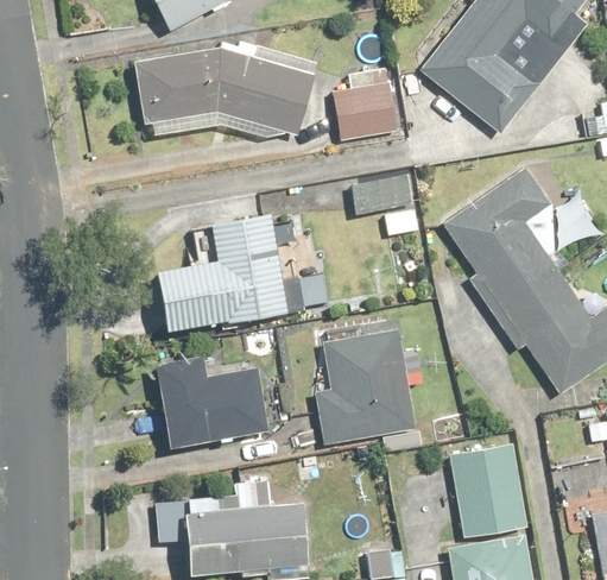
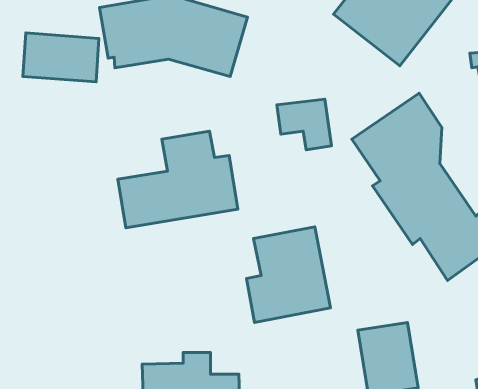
building: [333,86,396,138] -> none
building: none -> [23,33,99,82]
building: [158,357,272,446] -> none

